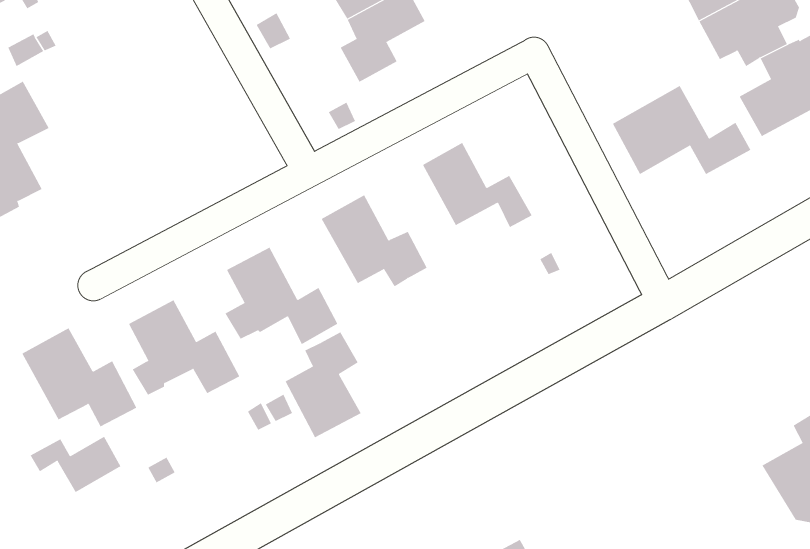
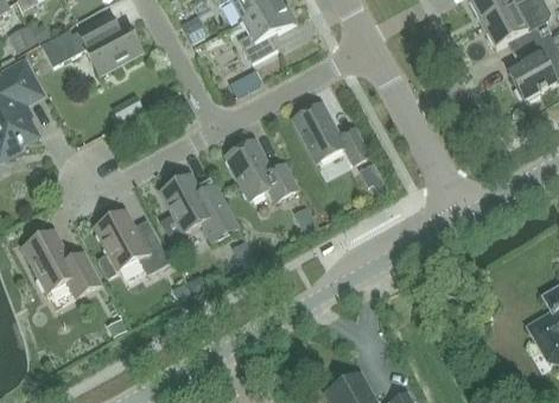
building: none -> [40,13,141,74]
building: [612,85,751,175] -> none
building: [285,332,361,438] -> none
building: [30,436,121,493] -> none

